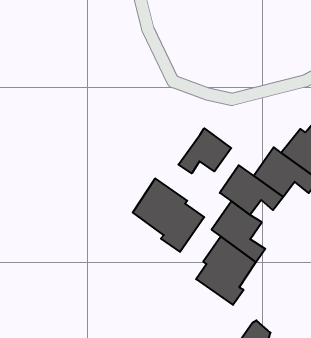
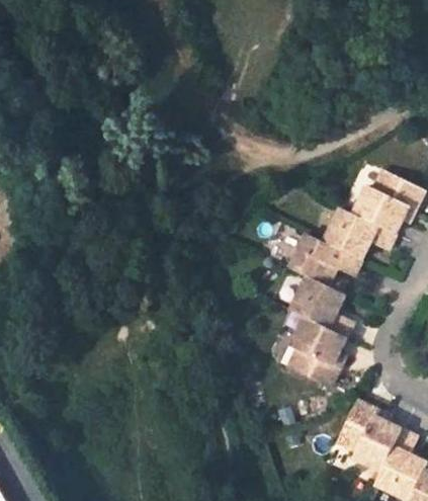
building: [178,128,231,173] -> none
building: [133,178,204,252] -> none

